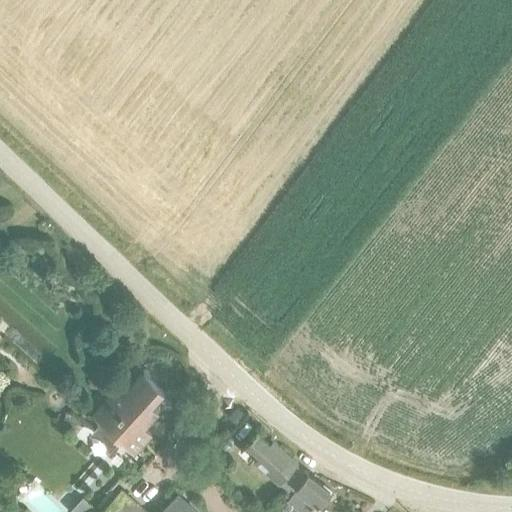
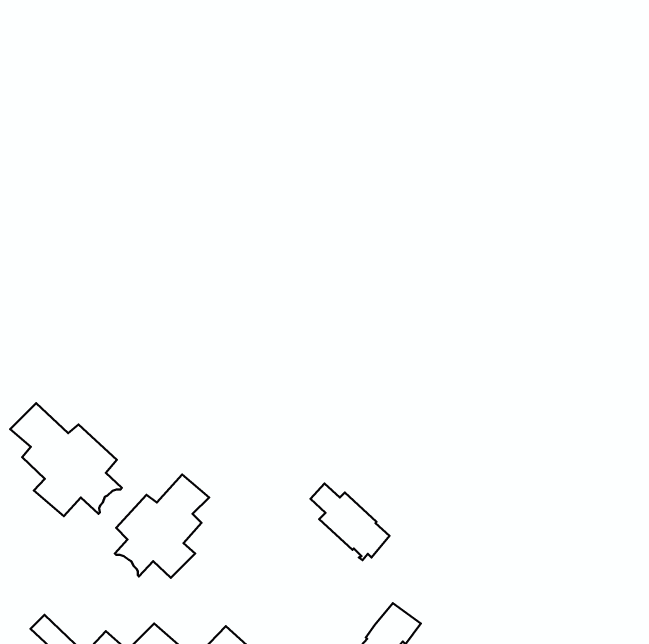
building: none -> [10,403,122,516]
building: [248,438,310,498] -> [310,484,389,560]

